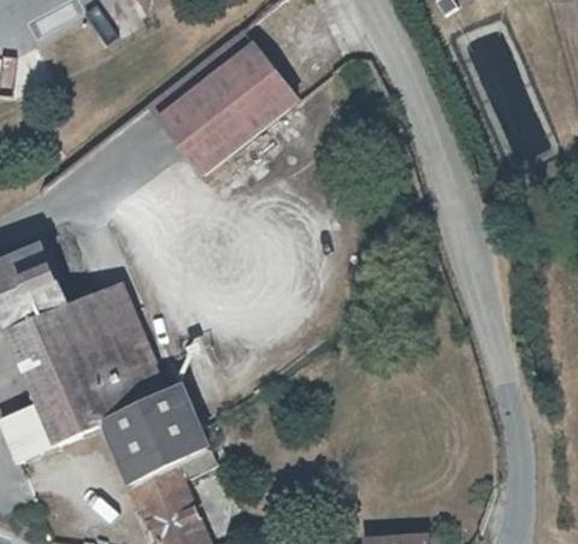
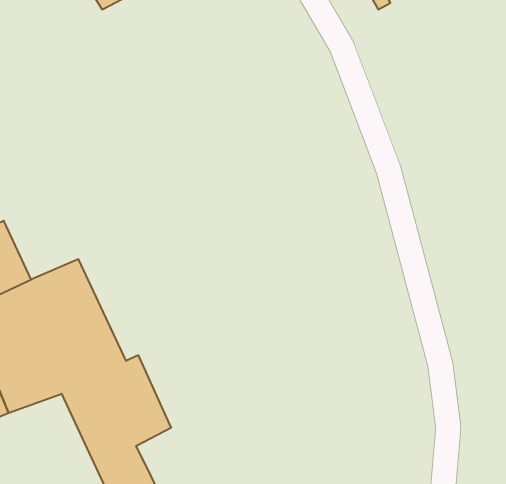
building: [151,32,297,175] -> none

